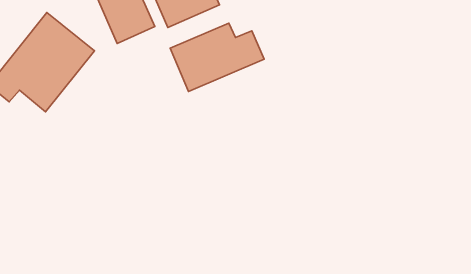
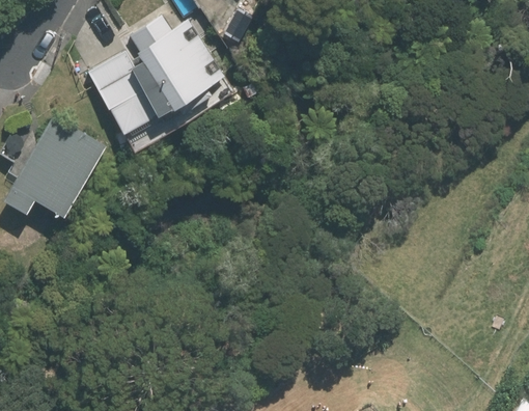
building: [170,23,264,92] -> none

